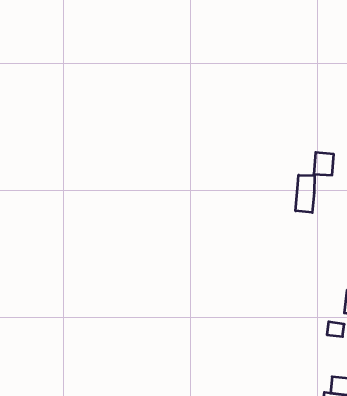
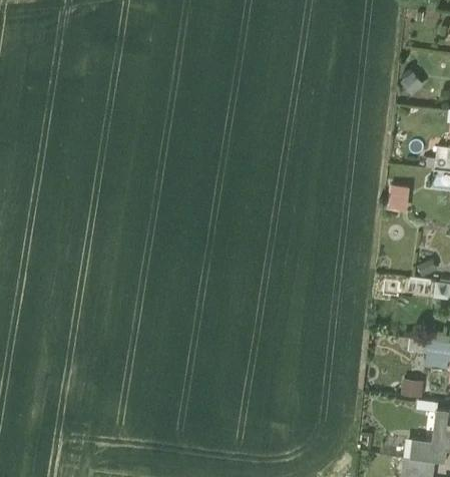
building: [296,175,314,213] -> none

